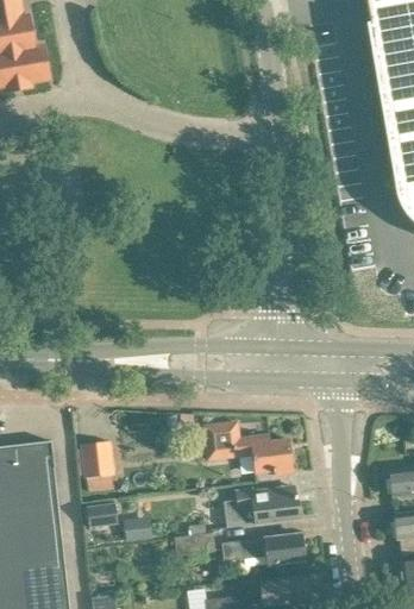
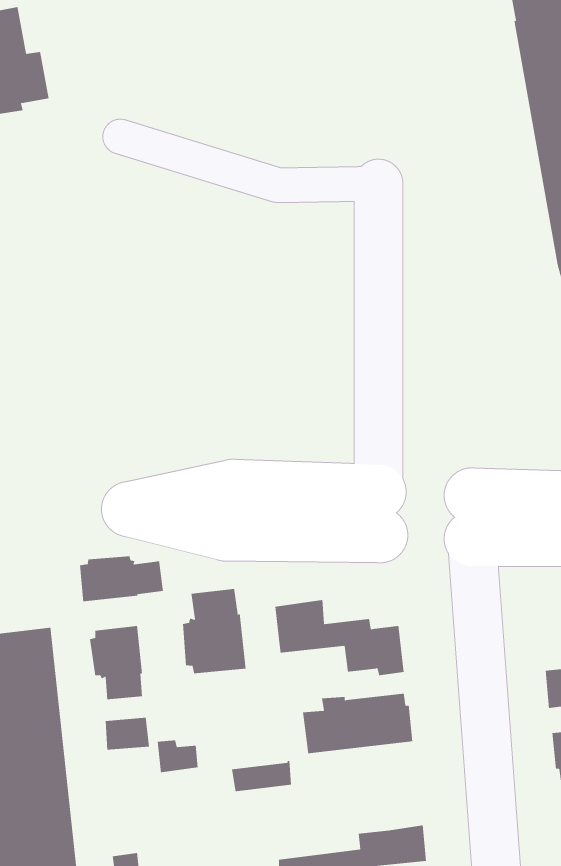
building: none -> [79,555,163,602]
building: none -> [183,588,246,674]
building: [222,534,303,565] -> none

